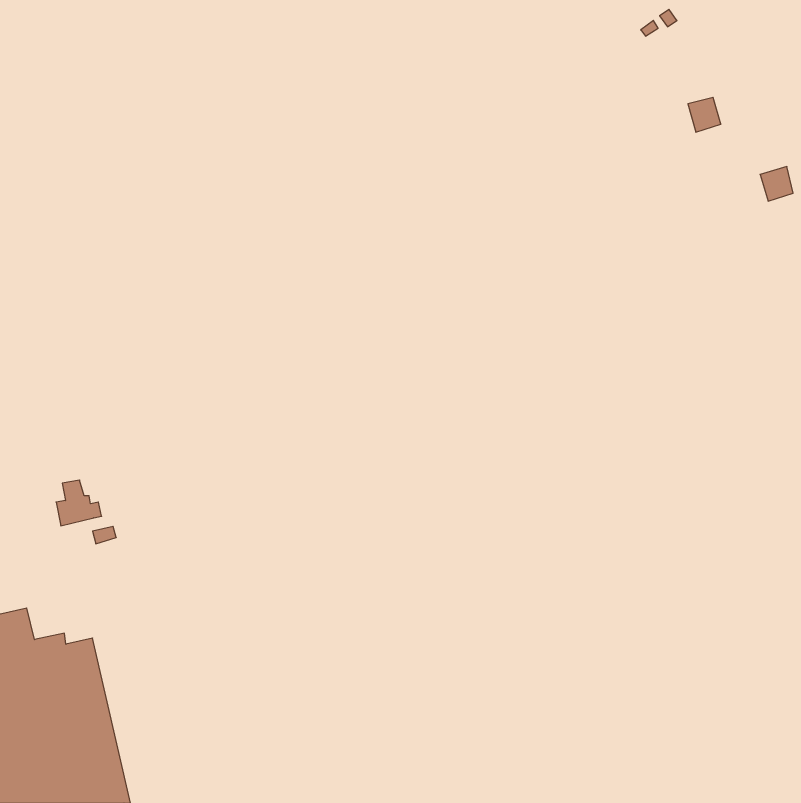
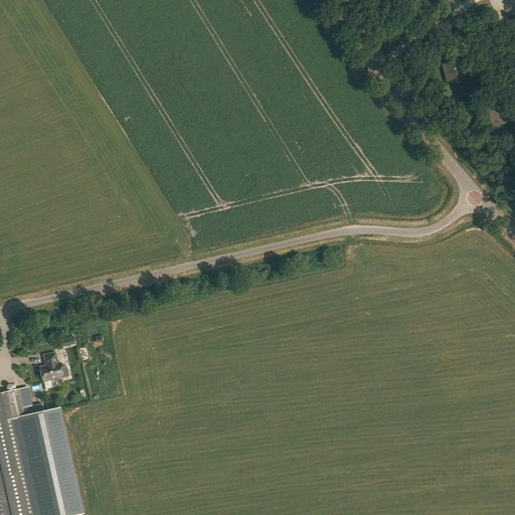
building: [56,480,102,526] -> [39,353,68,382]

